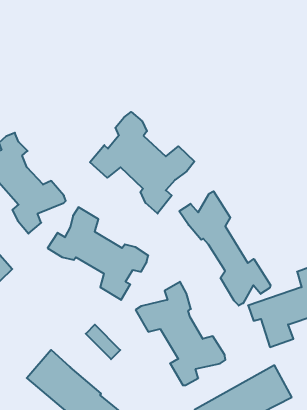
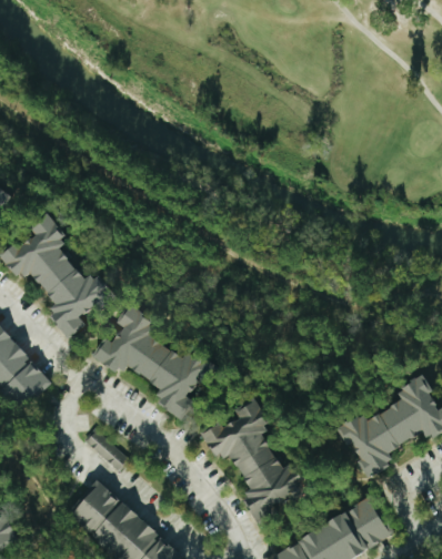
building: [90,112,194,214] -> none
building: [179,191,270,306] -> none
building: [86,325,120,359] -> [83,429,125,471]

